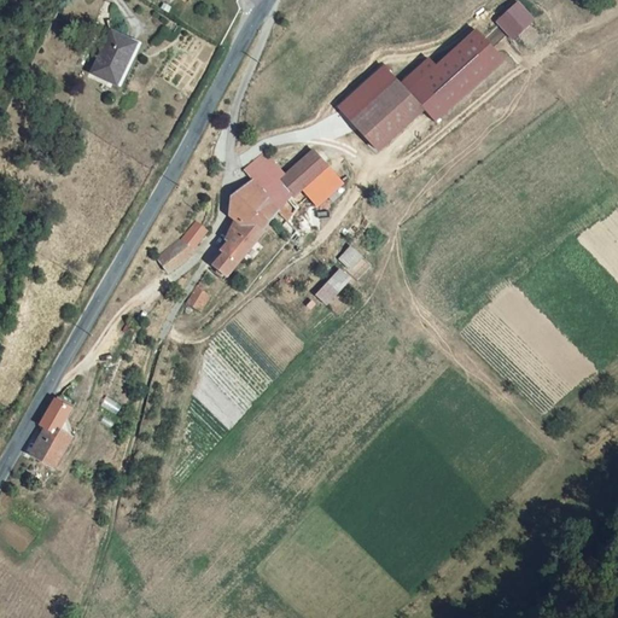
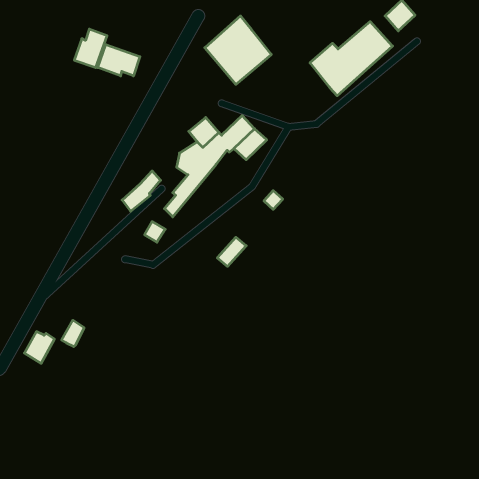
building: none -> [98,45,140,76]
building: [338,63,424,151] -> [205,16,271,84]
building: [315,268,352,305] -> [217,237,246,266]
building: [41,397,70,431] -> [62,320,84,347]

